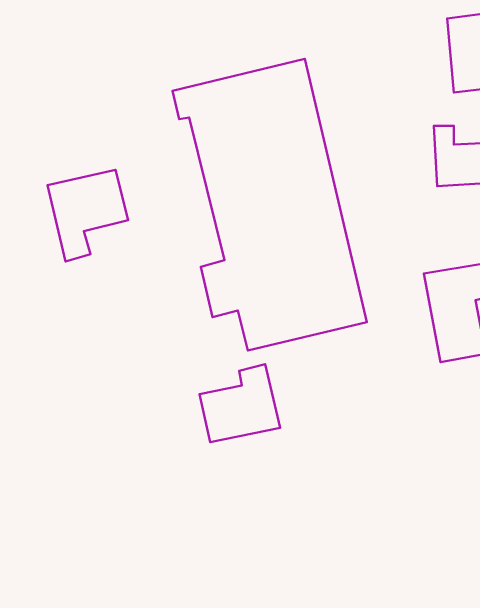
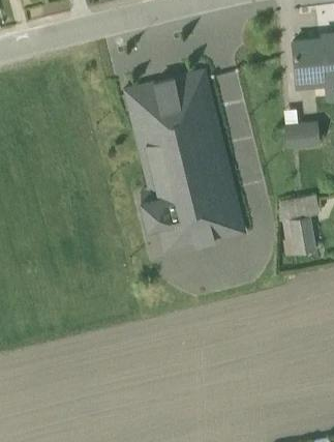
building: [48,170,128,261] -> none
building: [199,364,280,442] -> none

